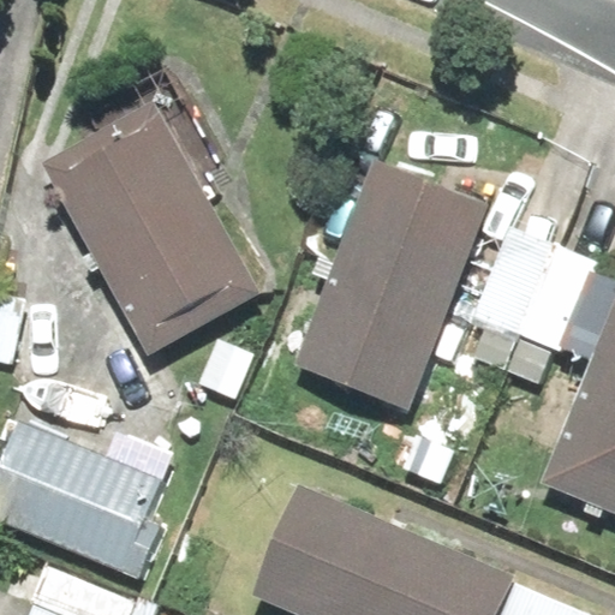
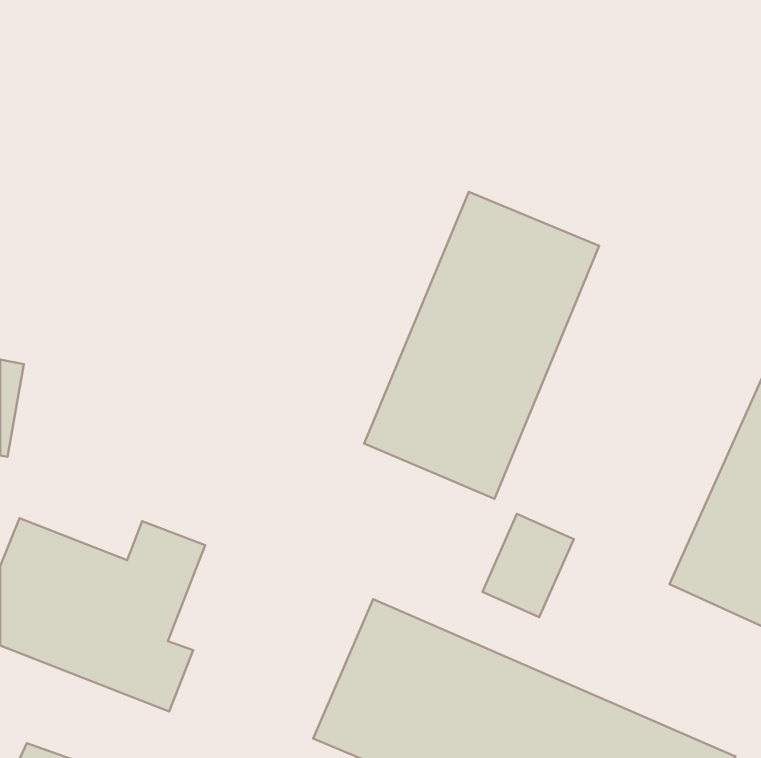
building: [47,106,252,354] -> none
building: [464,237,586,387] -> none

